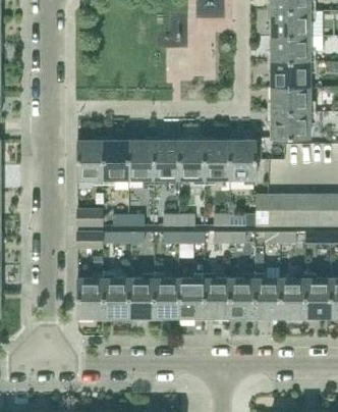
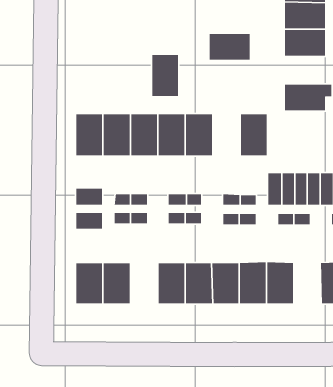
building: [271,87,309,112] -> [209,33,250,61]
building: [205,140,230,179] -> [152,54,179,97]
building: [128,278,154,317] -> none
building: [280,278,305,317] -> none

